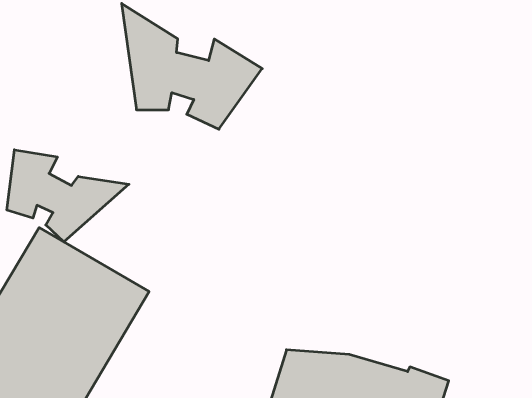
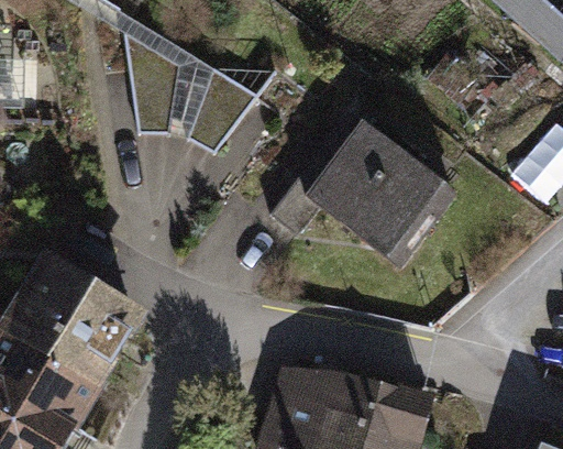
building: none -> [271,117,460,267]
building: [7,150,129,242] -> none

